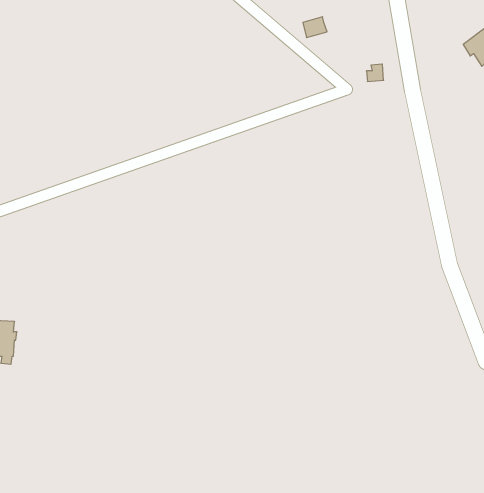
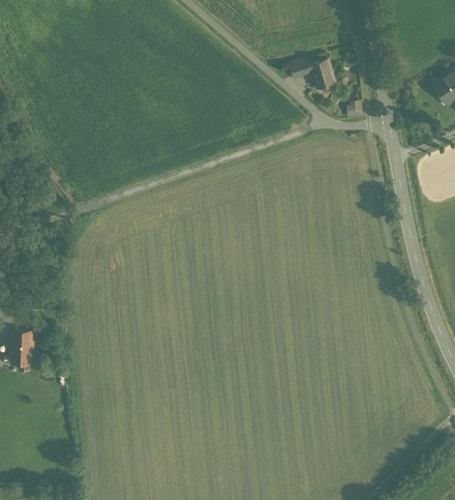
building: none -> [308,59,335,89]

